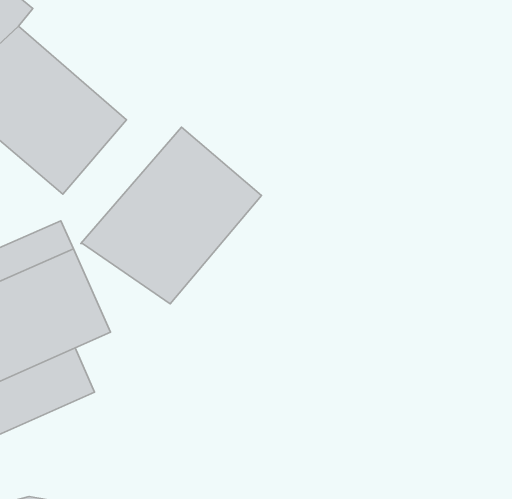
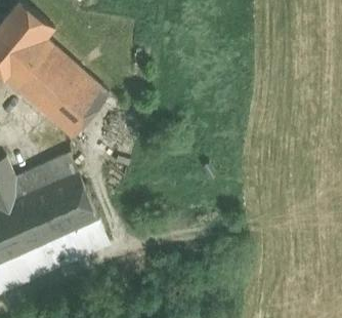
building: [81,127,261,304] -> none

